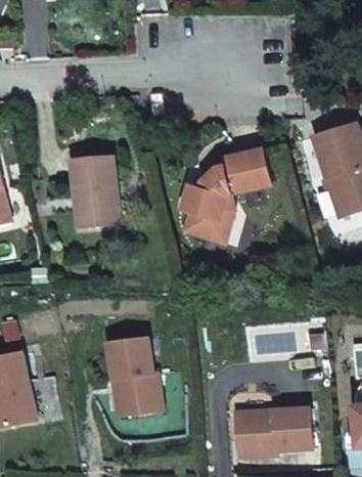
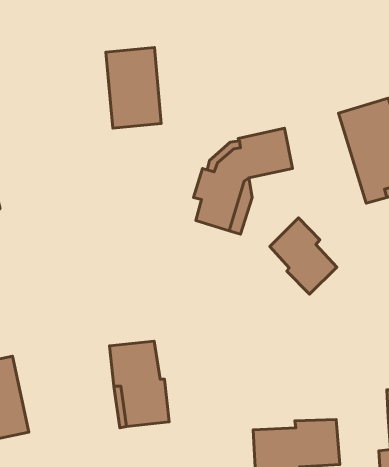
building: [70,155,119,226] -> [106,47,161,128]
building: none -> [270,218,337,294]

